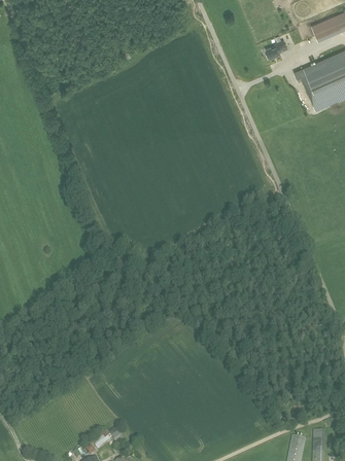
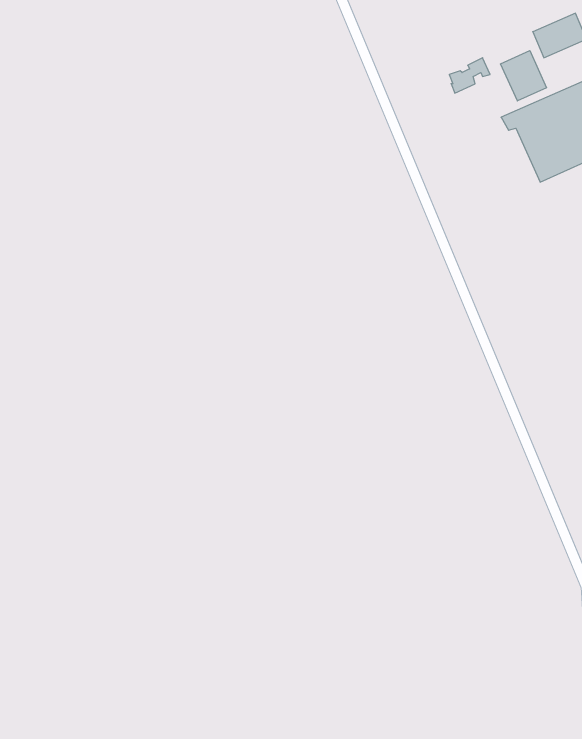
building: none -> [501,51,547,101]

